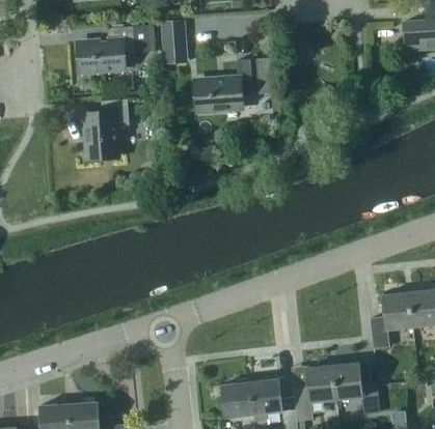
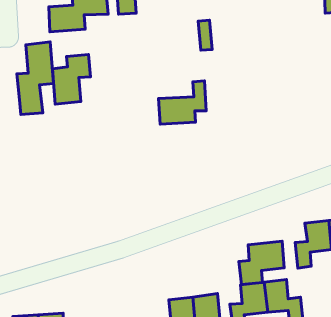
building: [196,59,252,110] -> [159,81,206,124]
building: none -> [17,42,54,114]
building: none -> [239,241,284,285]

